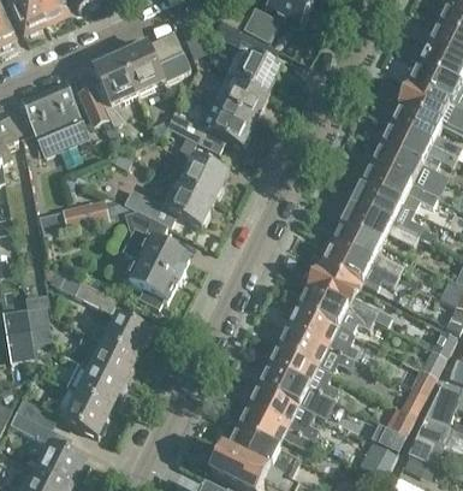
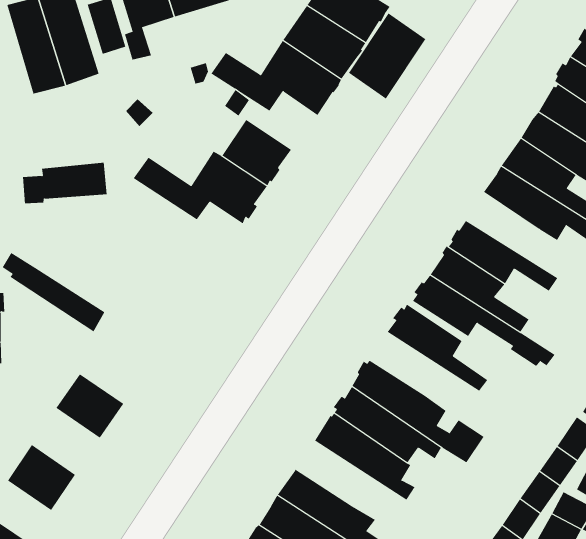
building: none -> [348,12,426,100]
building: [350,184,421,236] -> none
building: [125,213,189,307] -> none
building: [297,286,374,329] -> none
building: [91,314,149,357] -> none
building: [65,361,123,409] -> none
building: [256,366,334,408] -> none

